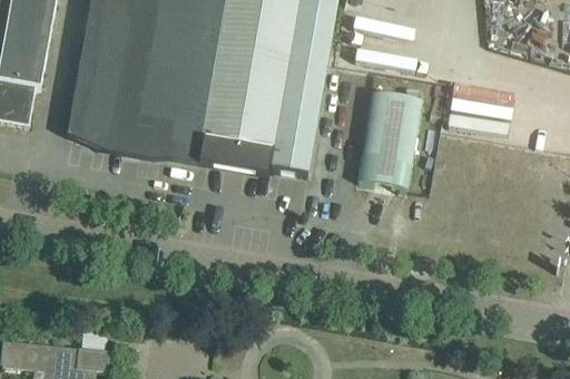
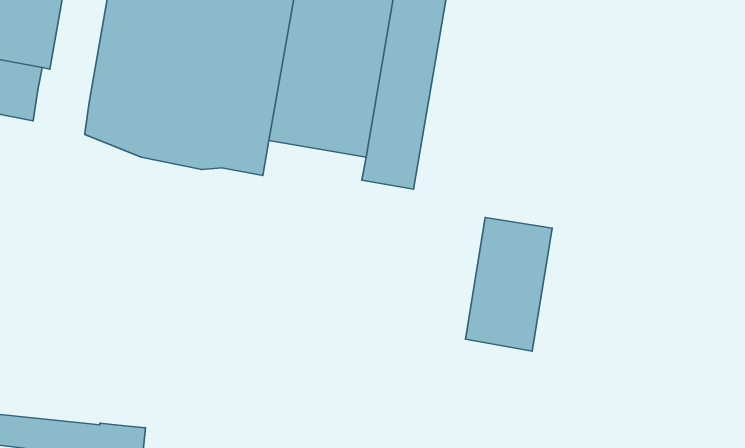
building: [358,89,422,187] -> [465,218,552,351]
building: [197,137,273,175] -> none

